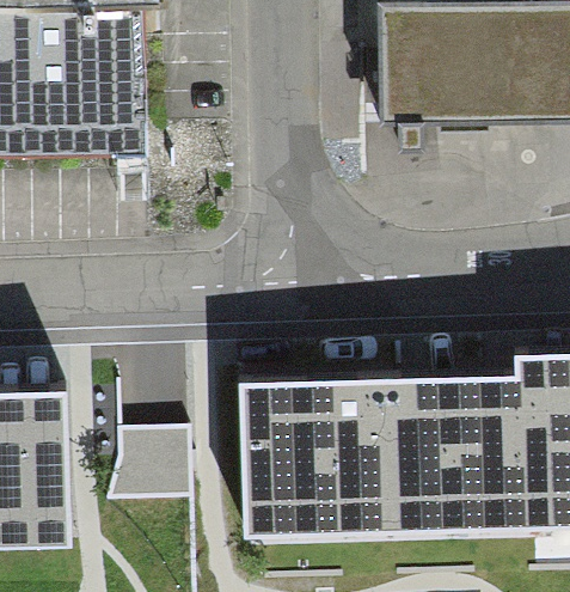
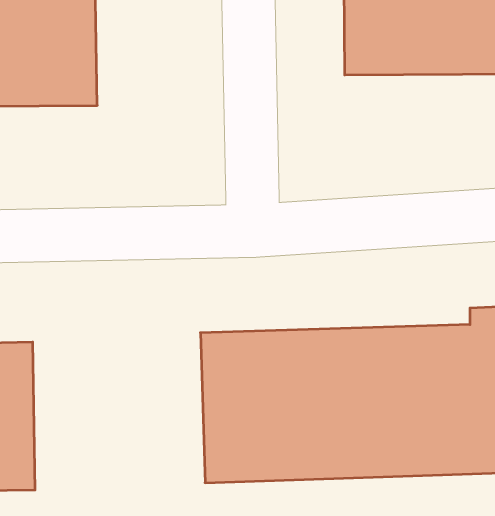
building: [108,427,191,495] -> none

